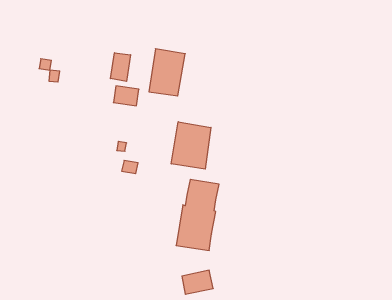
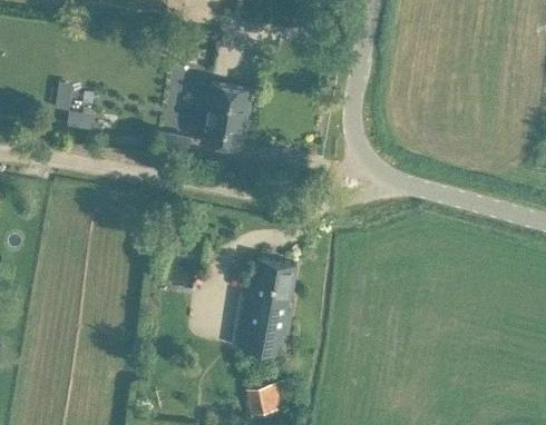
building: [110,53,131,81] -> none
building: [171,122,211,169] -> none

